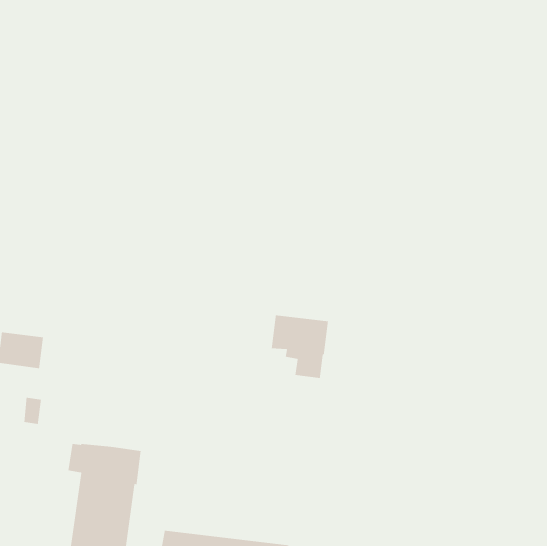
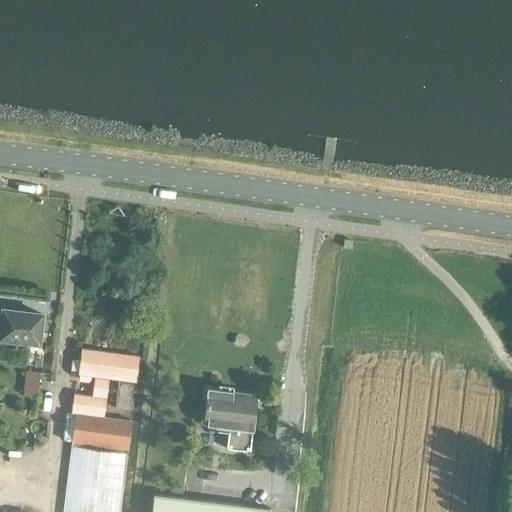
building: [271,314,329,379] -> [204,392,258,452]
building: none -> [71,351,138,418]

